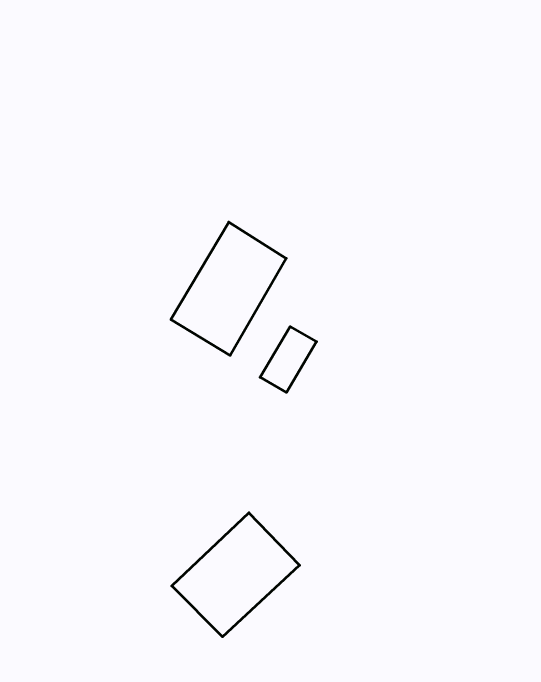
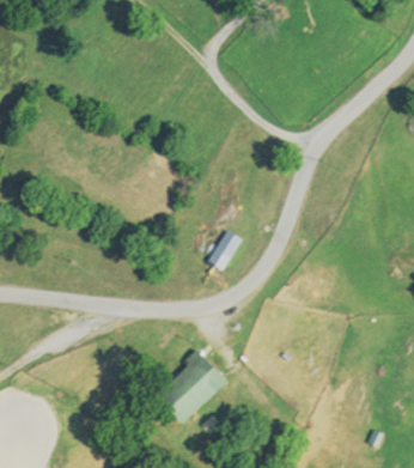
building: [171,222,286,355] -> none

